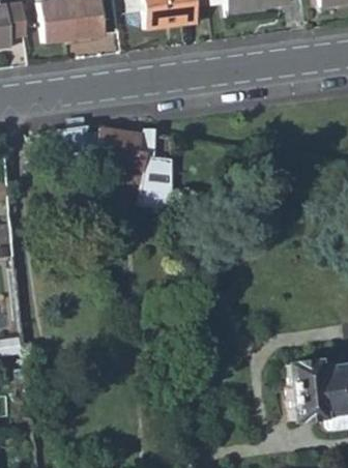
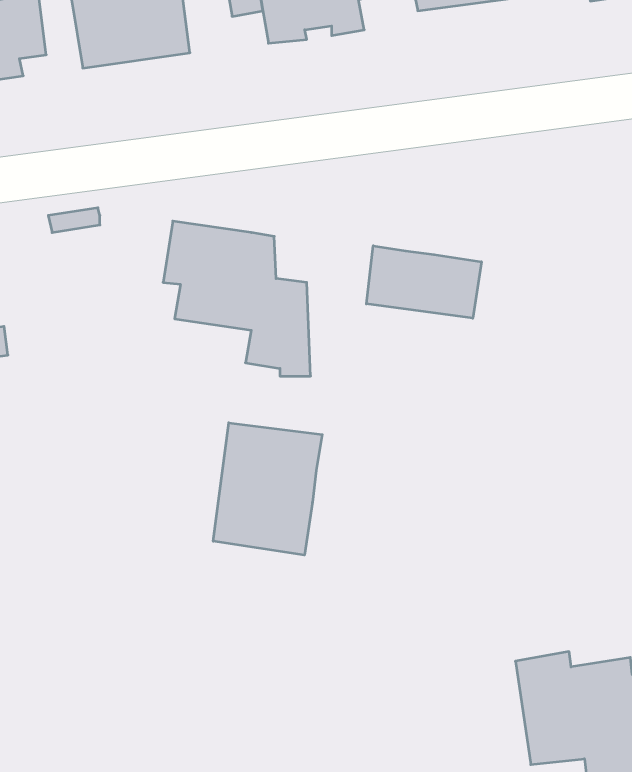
building: none -> [366,246,481,318]
building: none -> [213,423,322,555]

